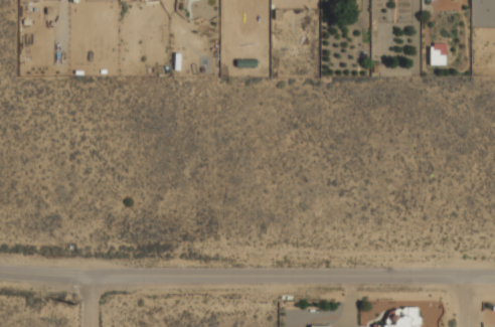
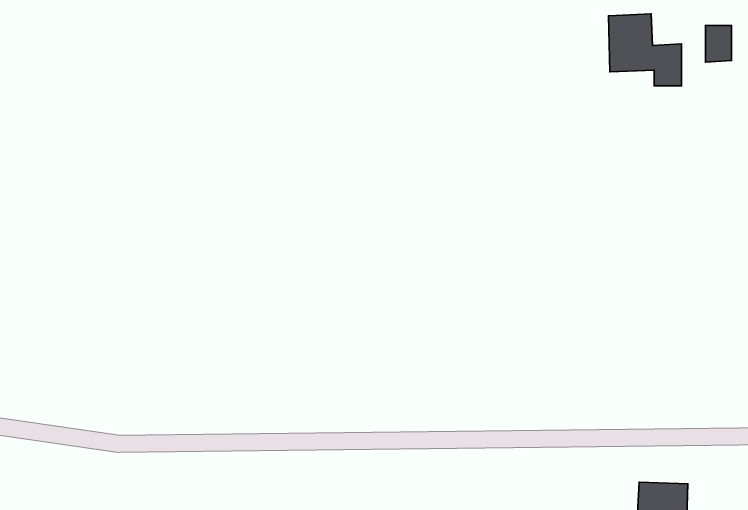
building: none -> [608,14,682,86]

